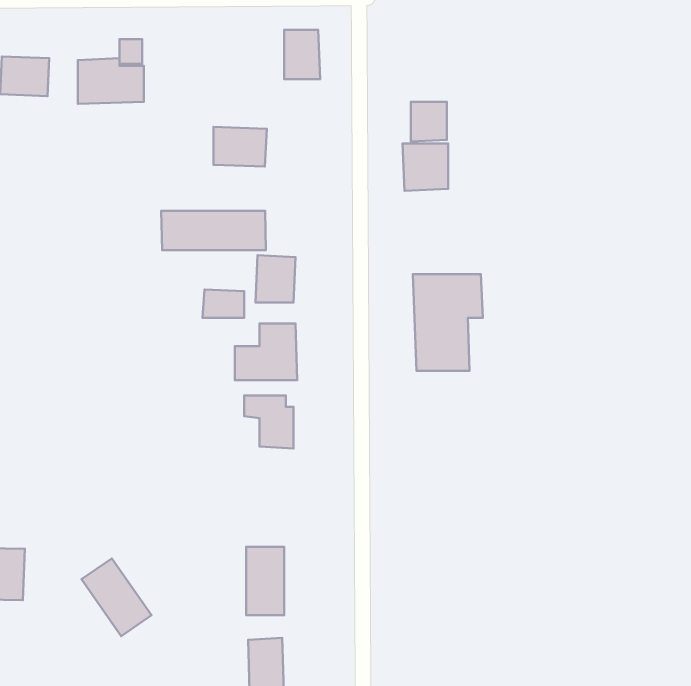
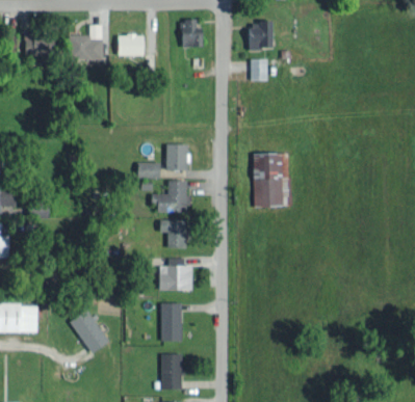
building: [214,127,267,167] -> [118,34,147,56]
building: [403,143,448,191] -> [245,23,270,49]
building: [161,211,266,250] -> none
building: none -> [158,259,191,291]

